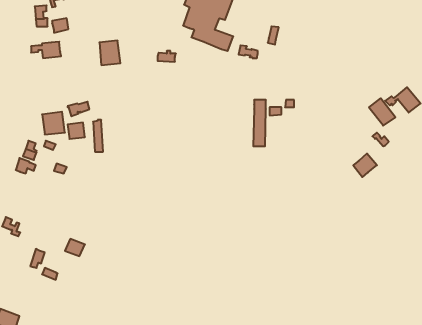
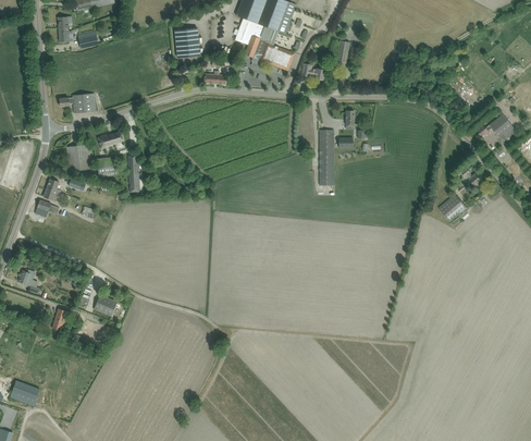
building: [99,41,120,65] -> [175,28,200,58]
building: [31,42,61,58] -> [60,94,96,113]
building: [369,98,395,126] -> none

